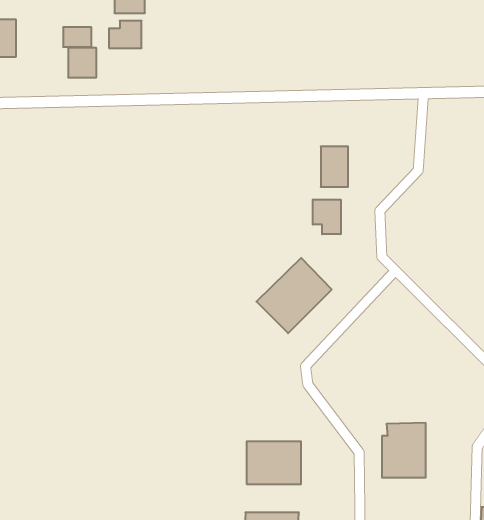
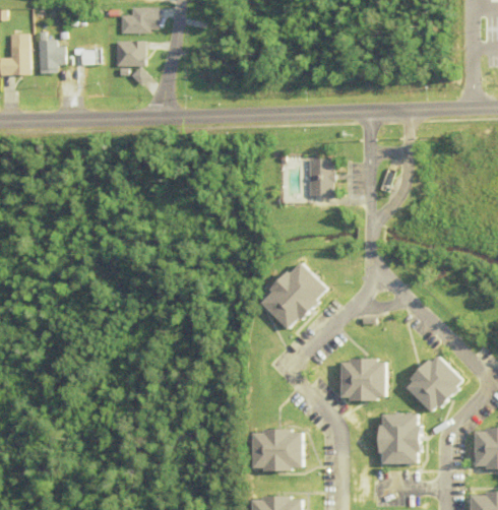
building: [68,48,96,77] -> [43,40,69,67]
building: [313,200,341,234] -> none
building: none -> [402,353,462,413]
building: none -> [339,360,383,400]

